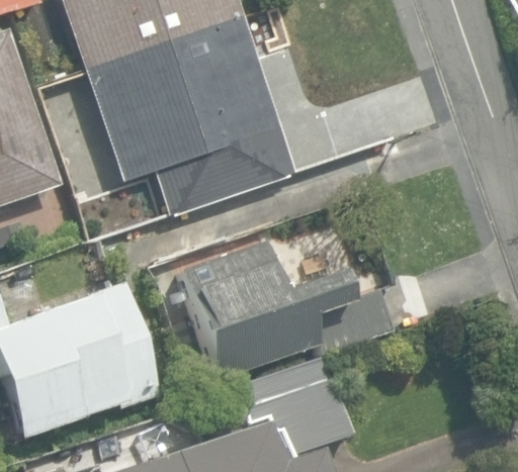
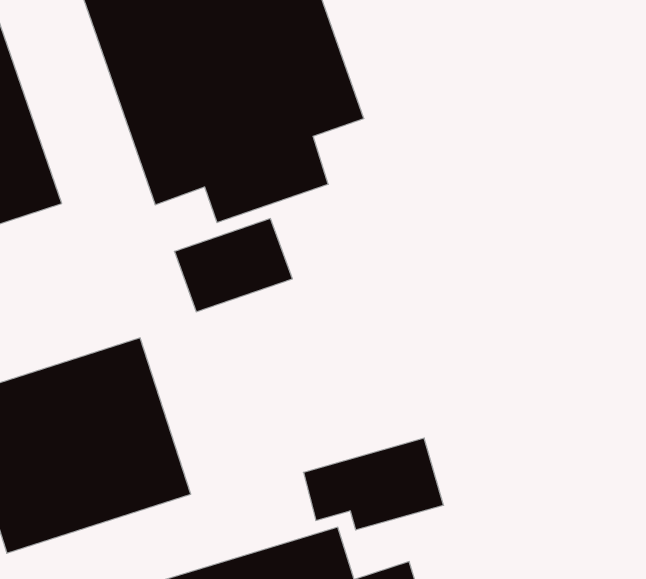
building: [181,246,391,380] -> none

